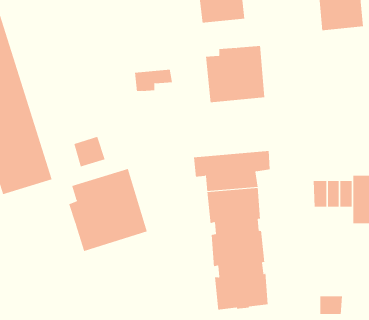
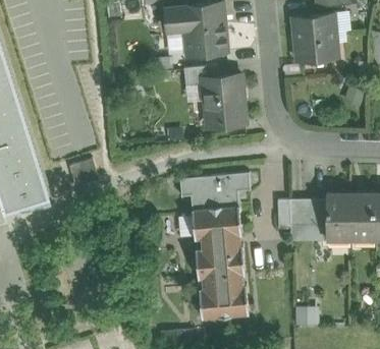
building: [134,69,173,91] -> [182,67,218,88]
building: [68,168,147,252] -> none

